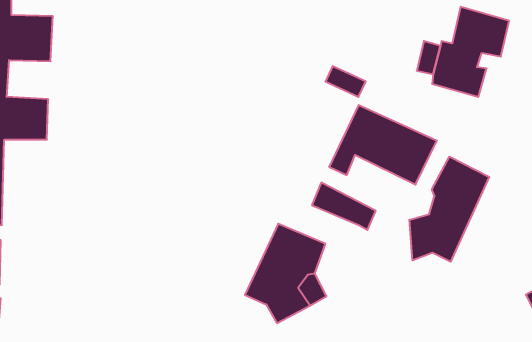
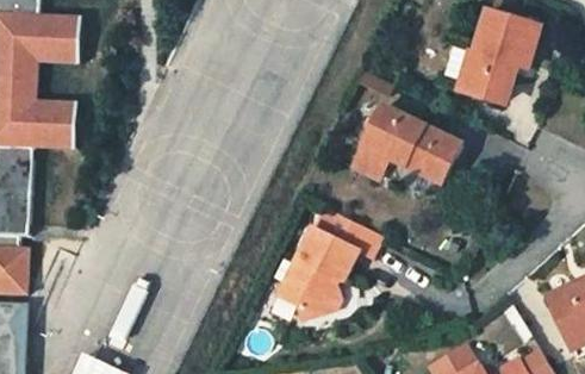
building: [409,157,489,262] -> none
building: [312,183,376,230] -> [307,205,372,253]

